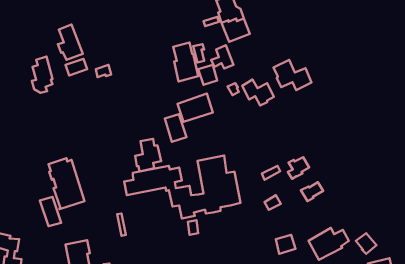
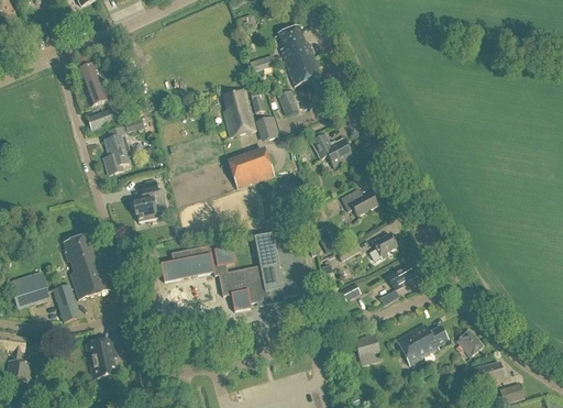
building: [32,57,52,93] -> [103,125,130,172]
building: [274,60,312,90] -> none
building: [165,114,186,142] -> none
building: none -> [341,189,377,214]
building: [135,139,161,172] -> [133,179,166,221]
building: none -> [9,271,49,308]

